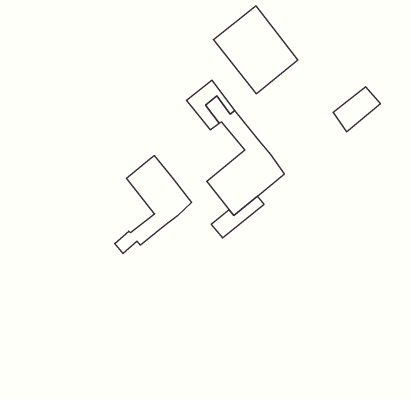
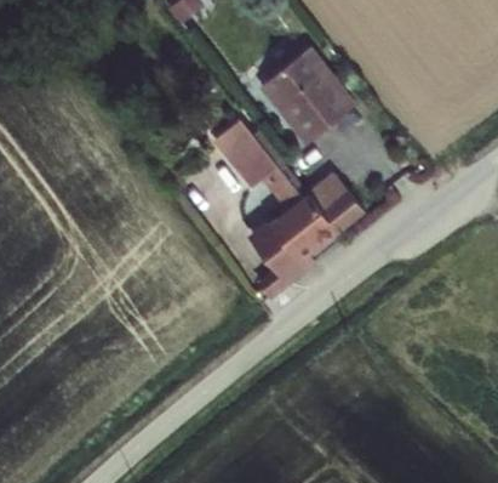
building: [333,87,380,132] -> [321,182,372,231]
building: [115,156,192,254] -> none

